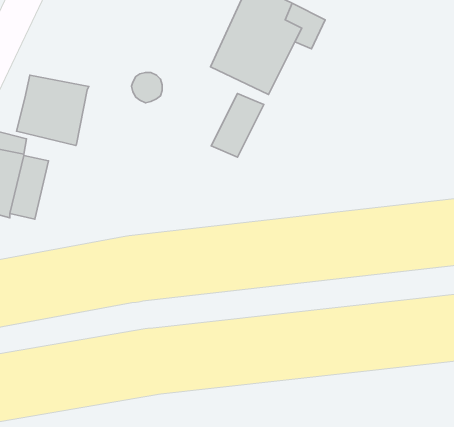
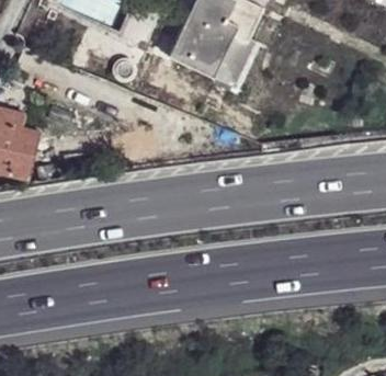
building: [16,75,89,145] -> none
building: [211,93,264,157] -> [217,35,259,86]

